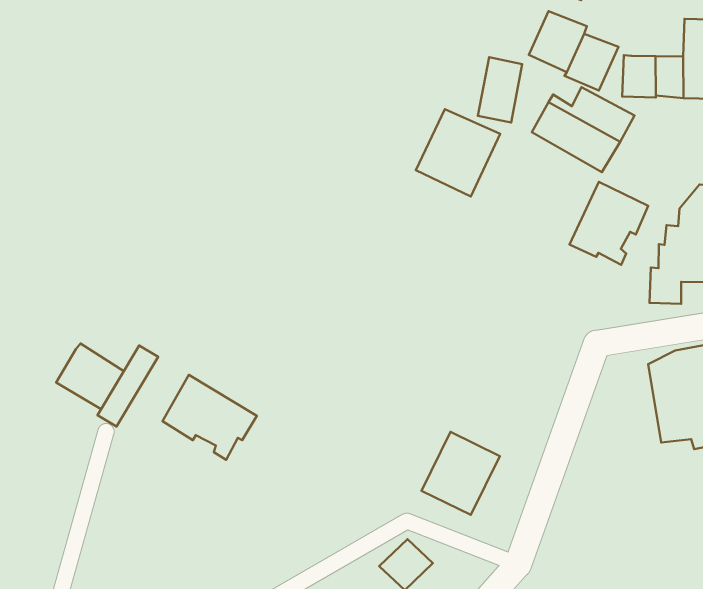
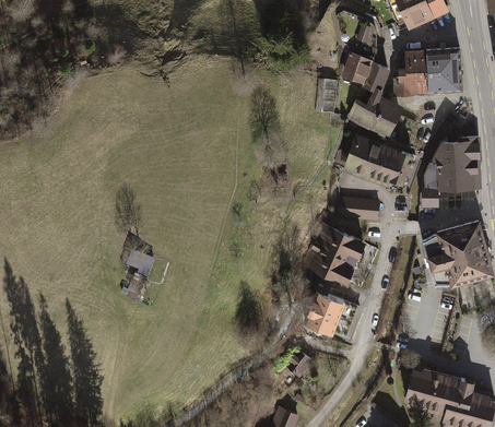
building: none -> [398,49,426,72]
building: [416,109,500,197] -> [341,132,386,179]
building: none -> [338,198,379,222]
building: none -> [304,222,365,283]
building: [56,343,124,409] -> none
building: [162,375,257,460] -> none

